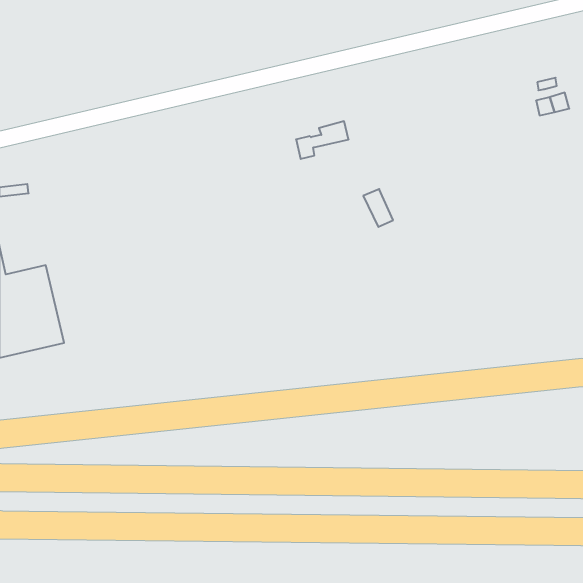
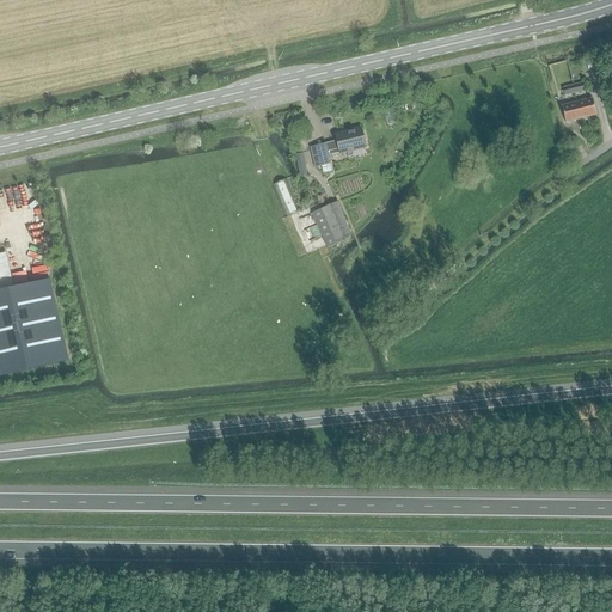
building: [363,189,393,227] -> [319,201,350,240]

